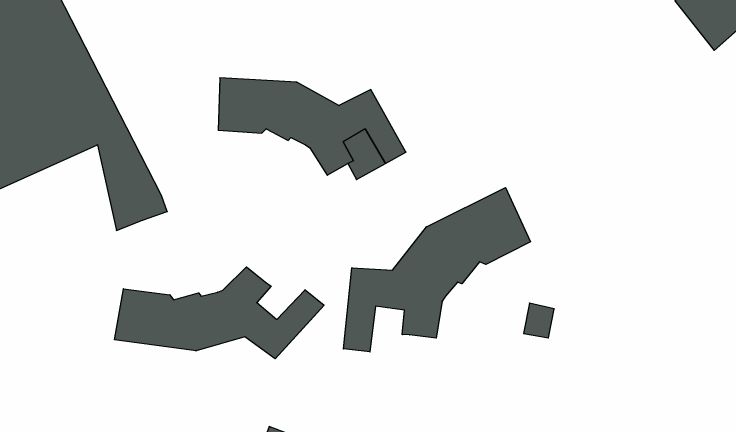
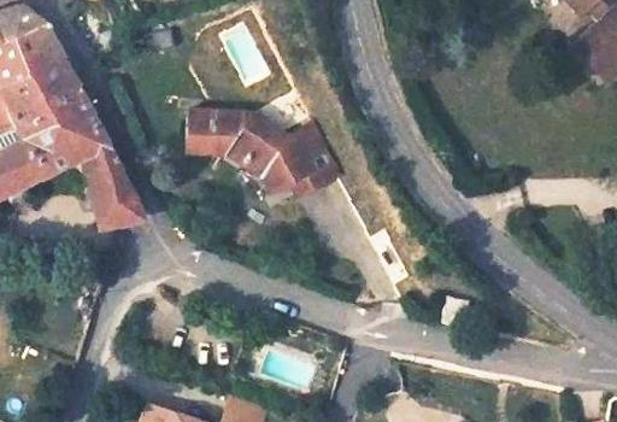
building: [343,188,530,352] -> none
building: [115,267,324,359] -> none

